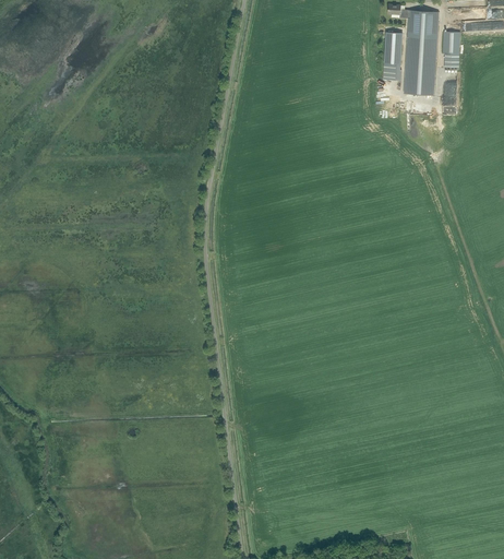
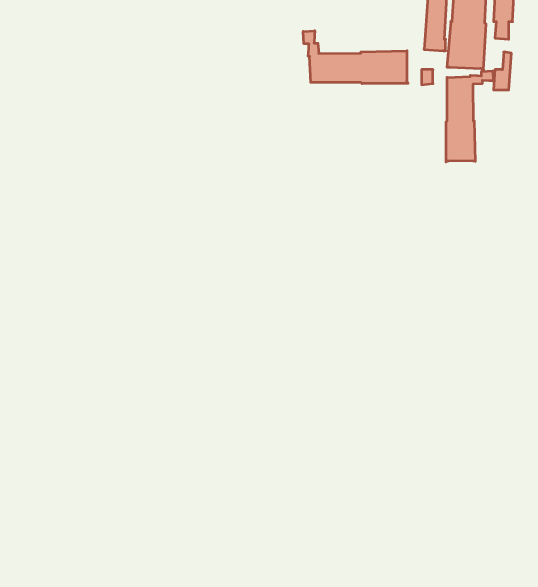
building: none -> [303,31,408,84]
building: none -> [446,71,493,162]

